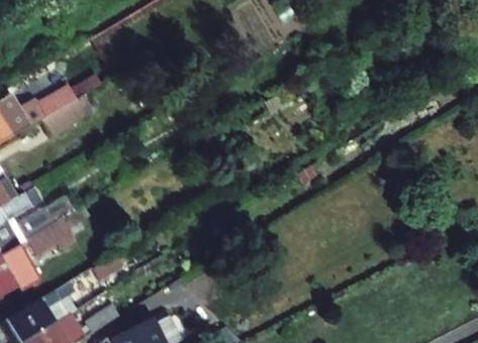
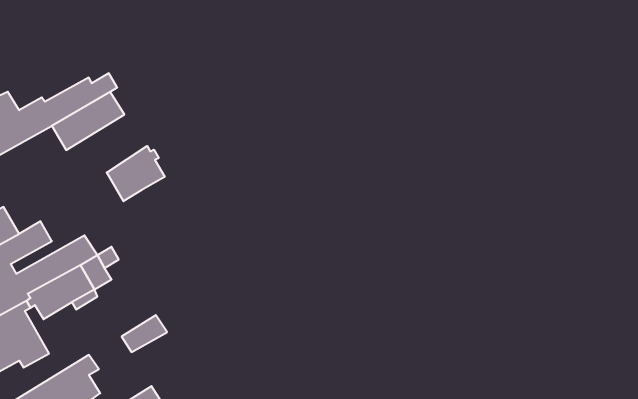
building: none -> [107,146,165,201]

